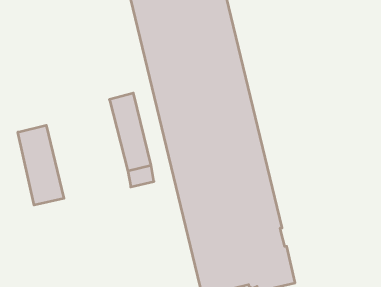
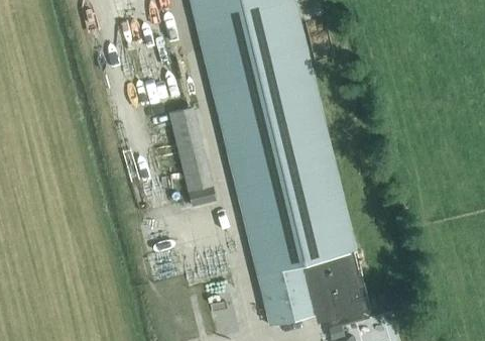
building: [18,125,64,205] -> none

